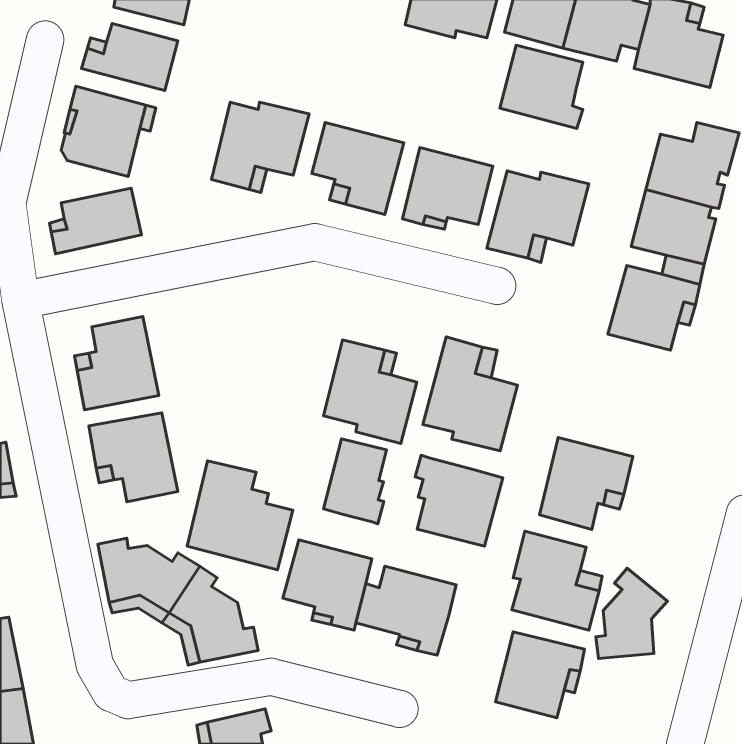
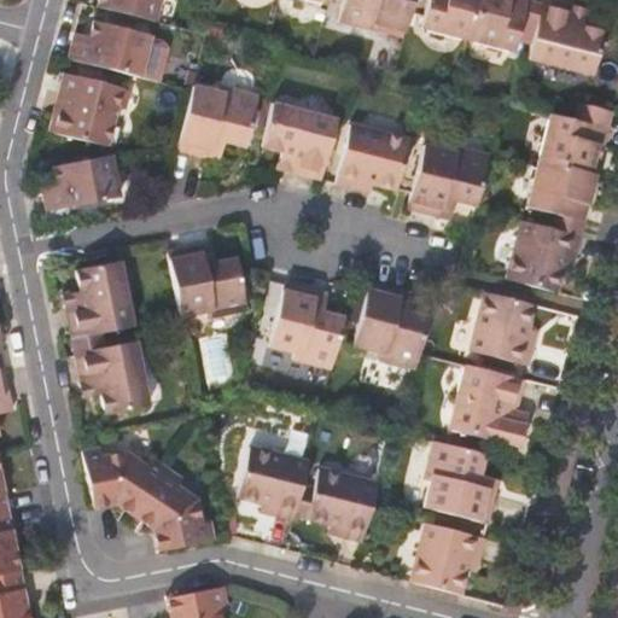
building: [500,45,583,129] -> none
building: none -> [169,245,246,319]
building: none -> [471,291,536,365]
building: [323,439,387,524] -> none
building: [415,455,503,546] -> none
building: [187,461,293,570] -> none
building: [596,568,668,659] -> none

